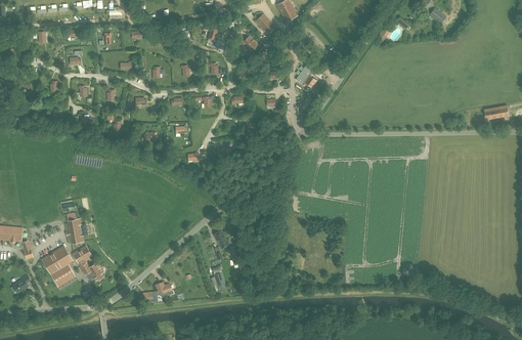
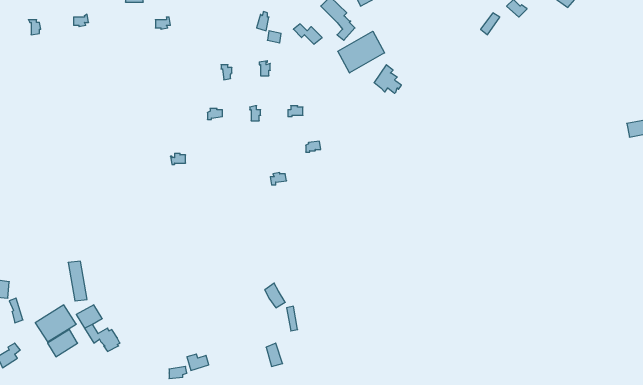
building: none -> [338,31,385,73]

